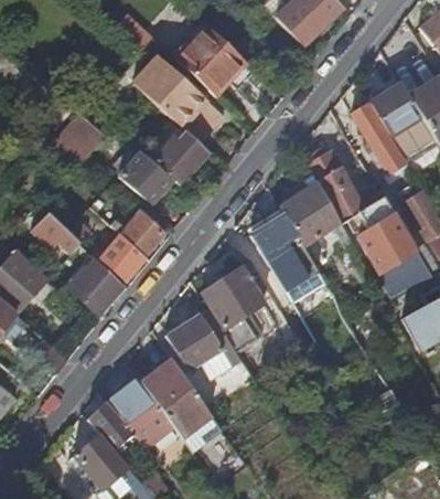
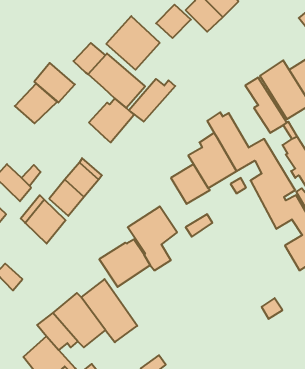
building: none -> [156,5,191,38]
building: none -> [129,79,175,122]
building: [120,152,172,203] -> [34,63,75,103]

